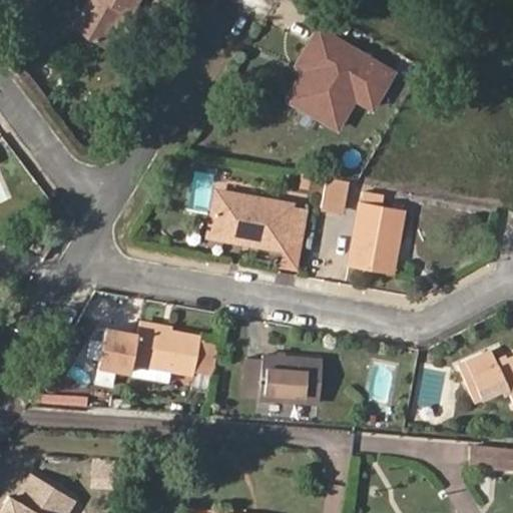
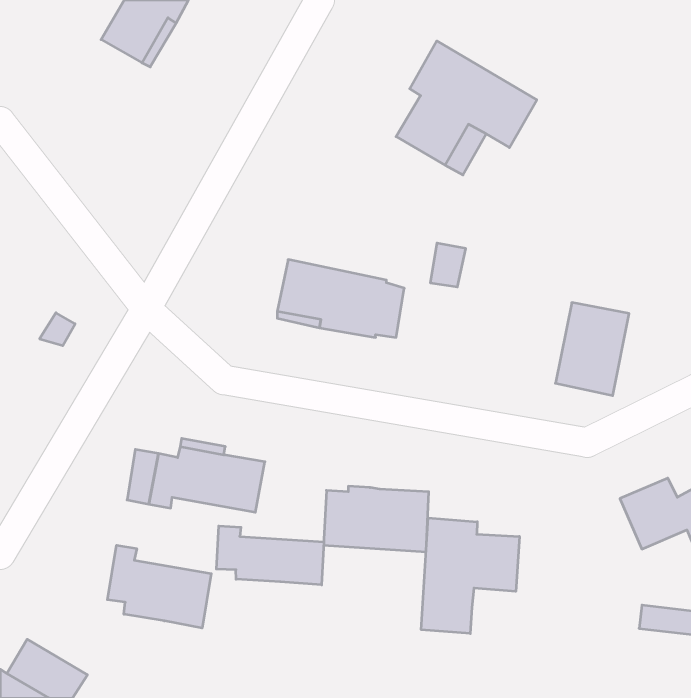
building: [347,206,401,275] -> [555,303,629,396]
building: none -> [421,518,519,634]
building: none -> [216,526,324,585]
building: none -> [107,545,211,628]

